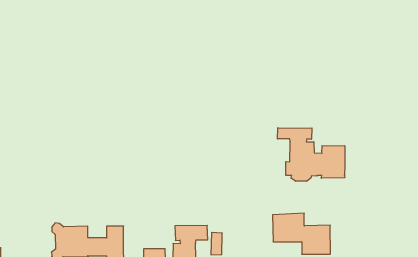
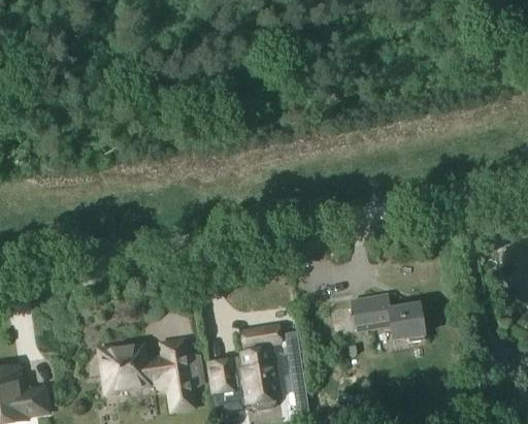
building: [277,128,345,181] -> none

